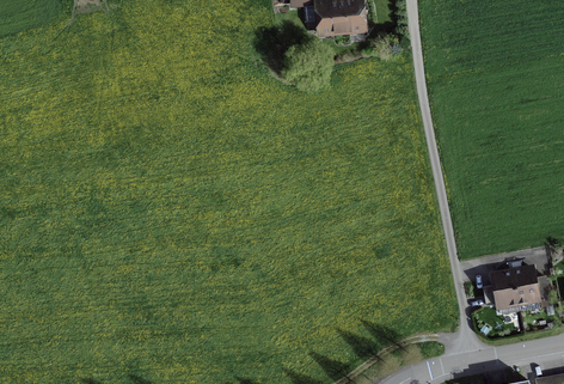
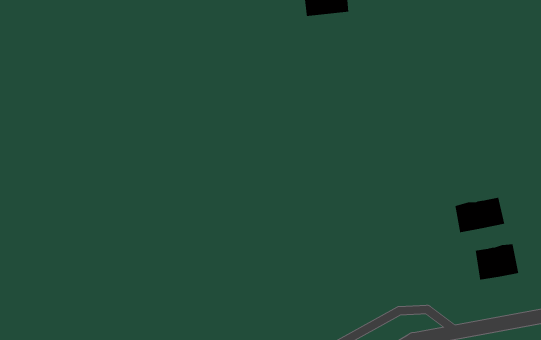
building: none -> [454,197,505,233]

